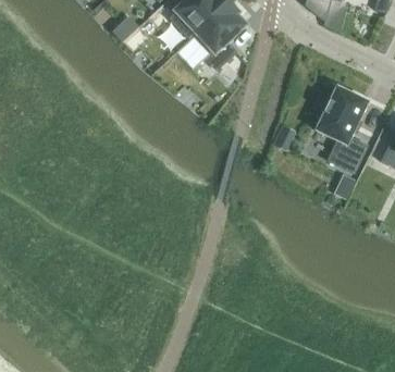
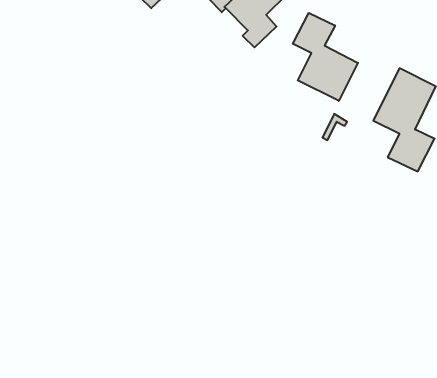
building: none -> [293,13,358,101]

